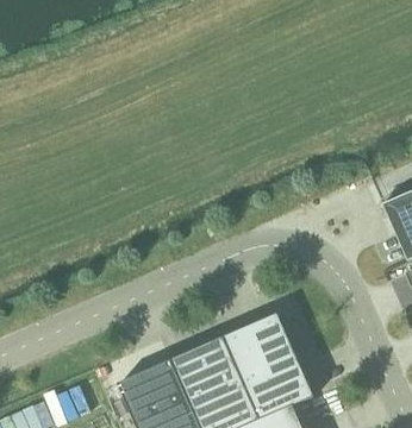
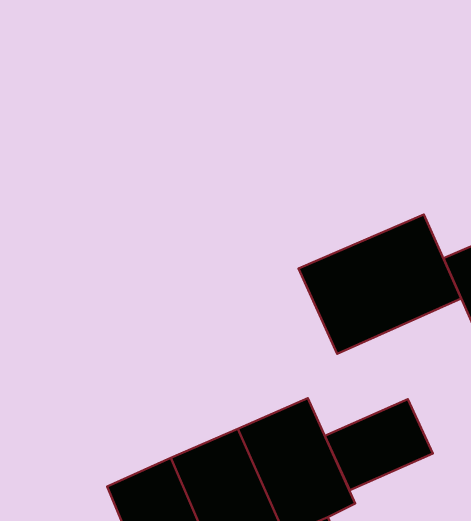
building: none -> [299,214,461,354]
building: none -> [325,399,433,490]

